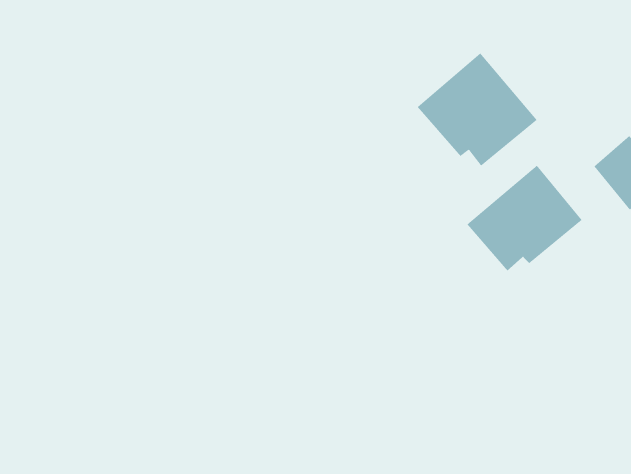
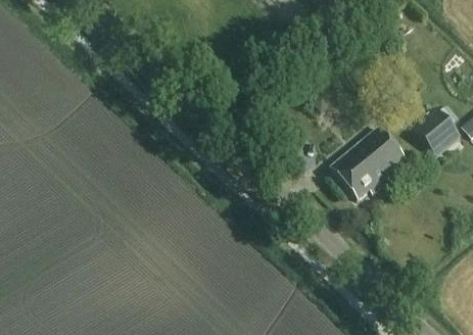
building: [417,52,537,167] -> none

